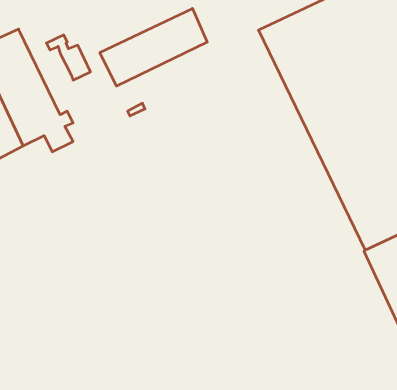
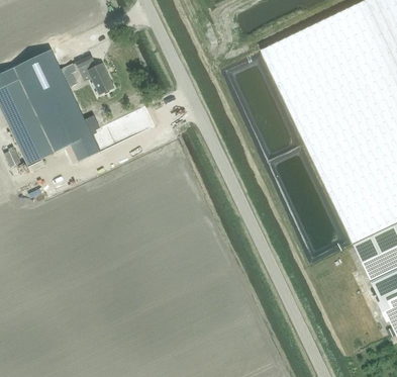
building: [100,8,207,86] -> none

